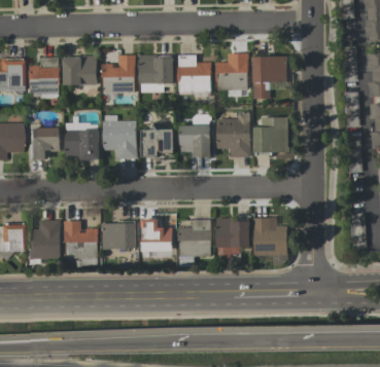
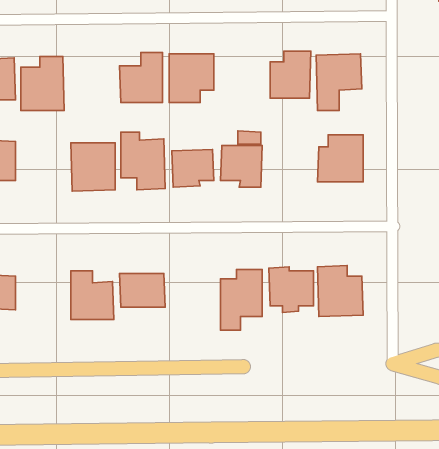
building: [177,56,210,93] -> none
building: [62,57,97,85] -> none
building: [216,114,249,157] -> none
building: [28,127,59,160] -> none
building: [141,219,172,252] -> none
building: [27,220,60,259] -> none

